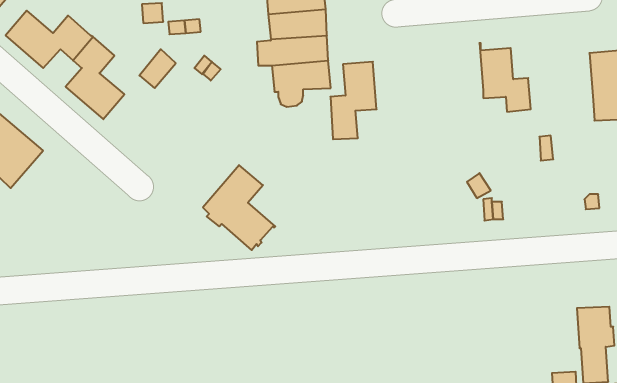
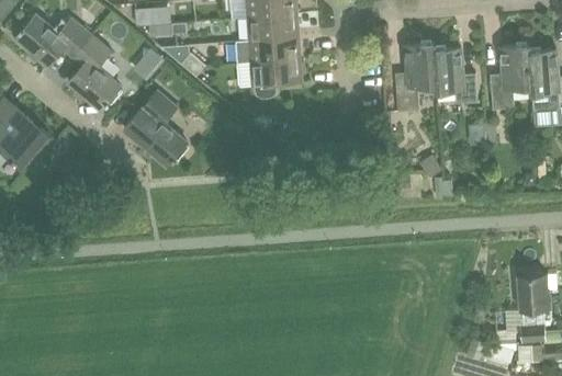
building: none -> [490,44,531,109]
building: [330,62,377,139] -> [394,42,435,110]
building: [203,165,275,250] -> [123,89,187,163]

